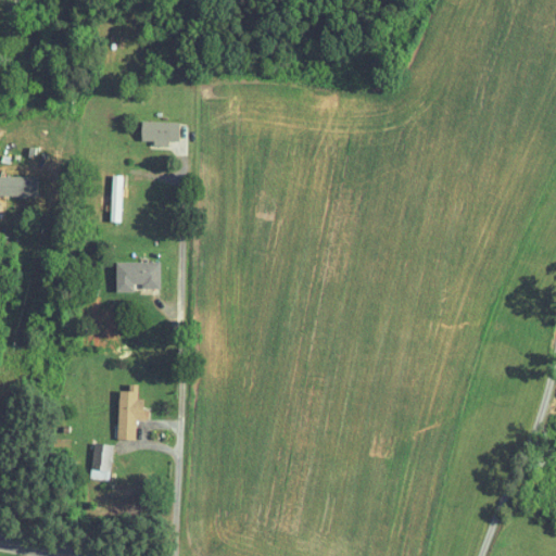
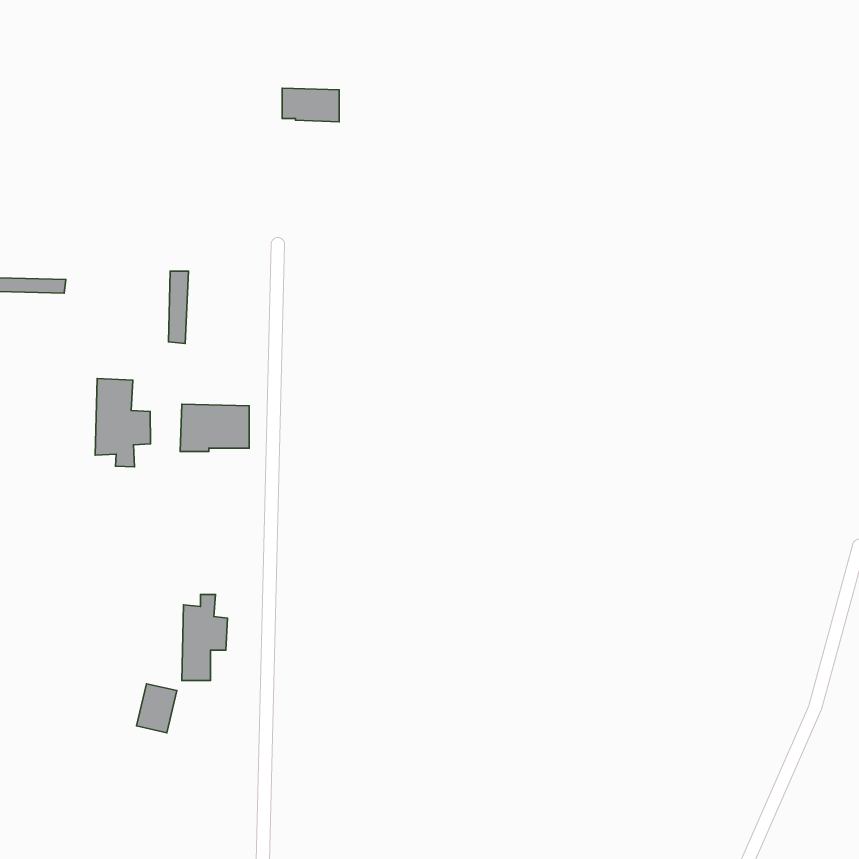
building: [143,122,180,143] -> [282,88,339,122]
building: none -> [95,378,150,467]

